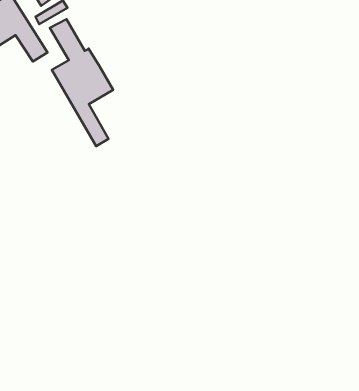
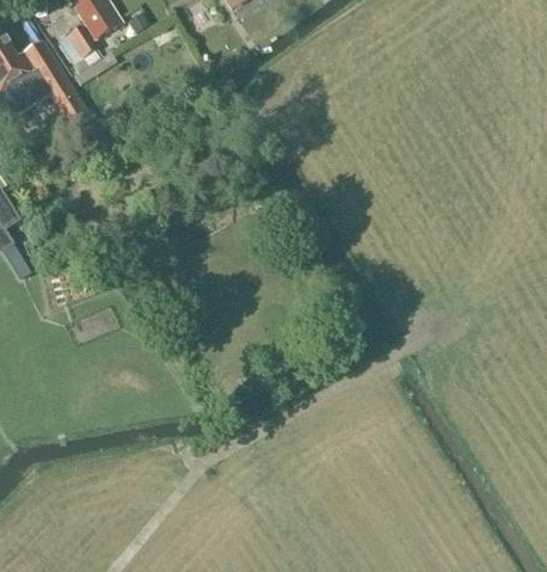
building: [50,19,113,146] -> none

